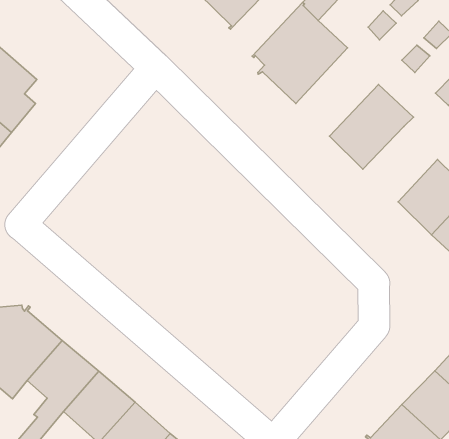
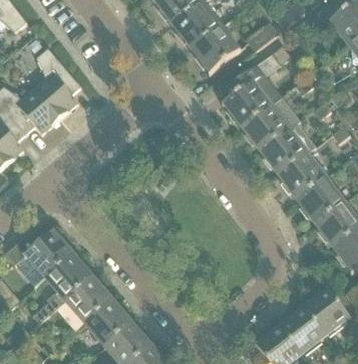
building: none -> [243,96,300,150]
building: none -> [279,151,327,199]

